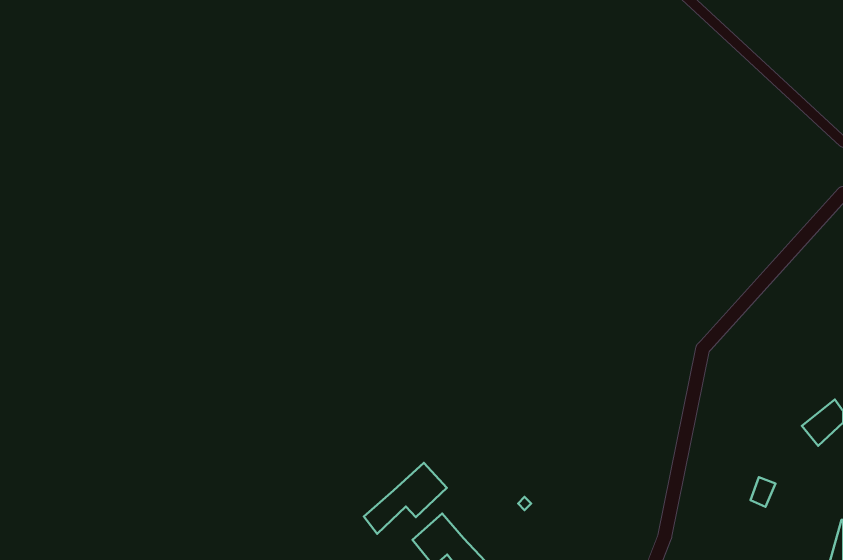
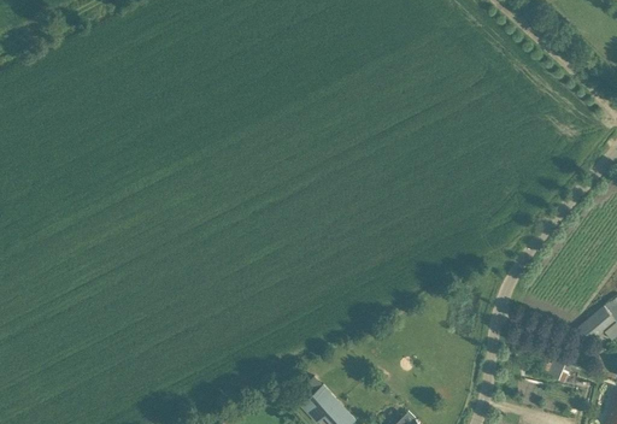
building: [364,463,447,534] -> none

